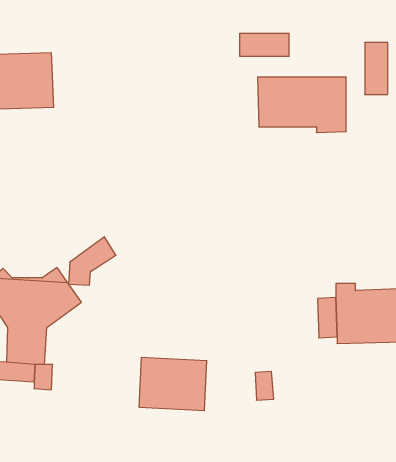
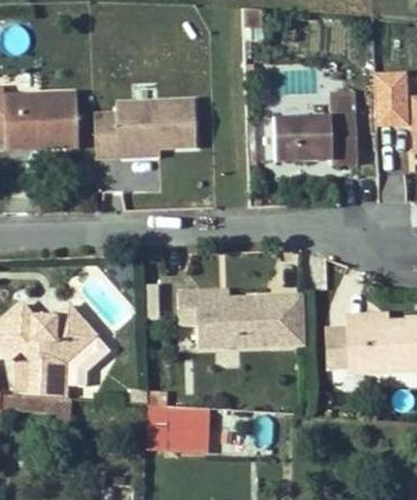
building: [240,33,289,56] -> none
building: none -> [86,99,186,156]
building: [69,237,116,285] -> [63,333,109,380]
building: none -> [173,291,305,344]

